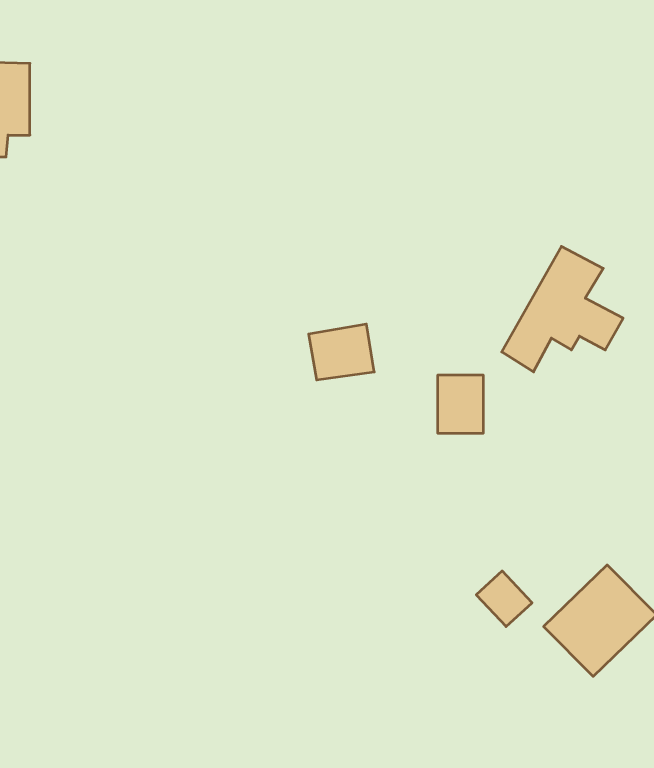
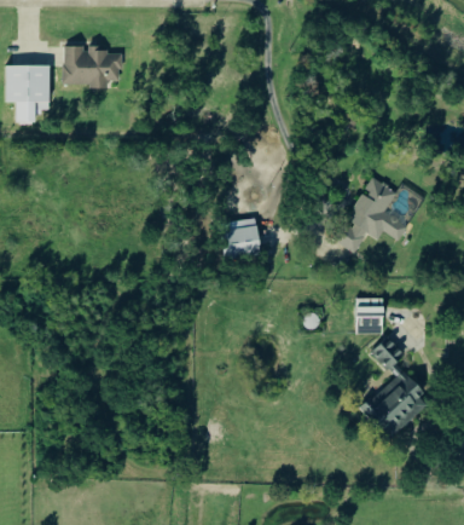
building: none -> [64,45,122,88]
building: [438,375,483,433] -> [356,298,384,333]
building: [476,571,532,627] -> [373,336,407,370]

